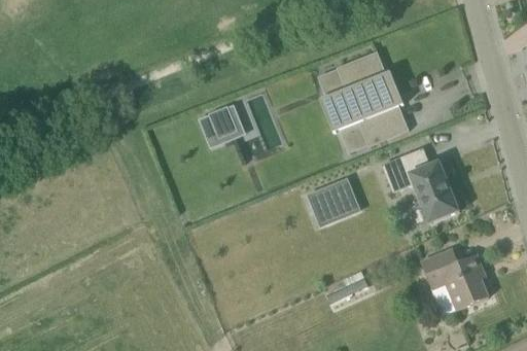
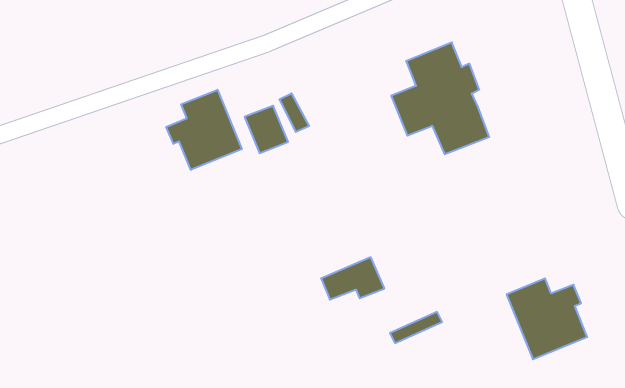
building: none -> [166,90,242,170]
building: [382,148,459,222] -> none
building: [306,177,358,212] -> [321,257,384,300]

